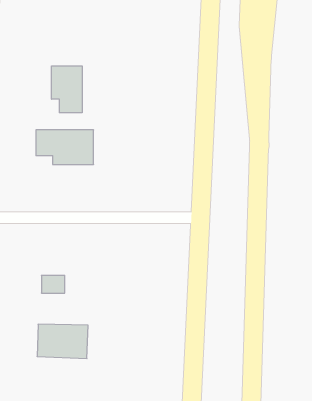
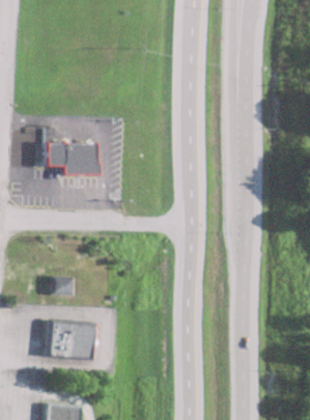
building: [52,66,82,113] -> none

